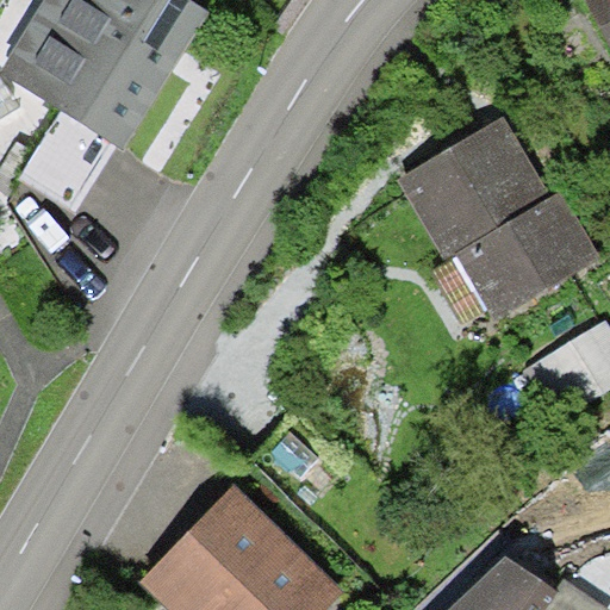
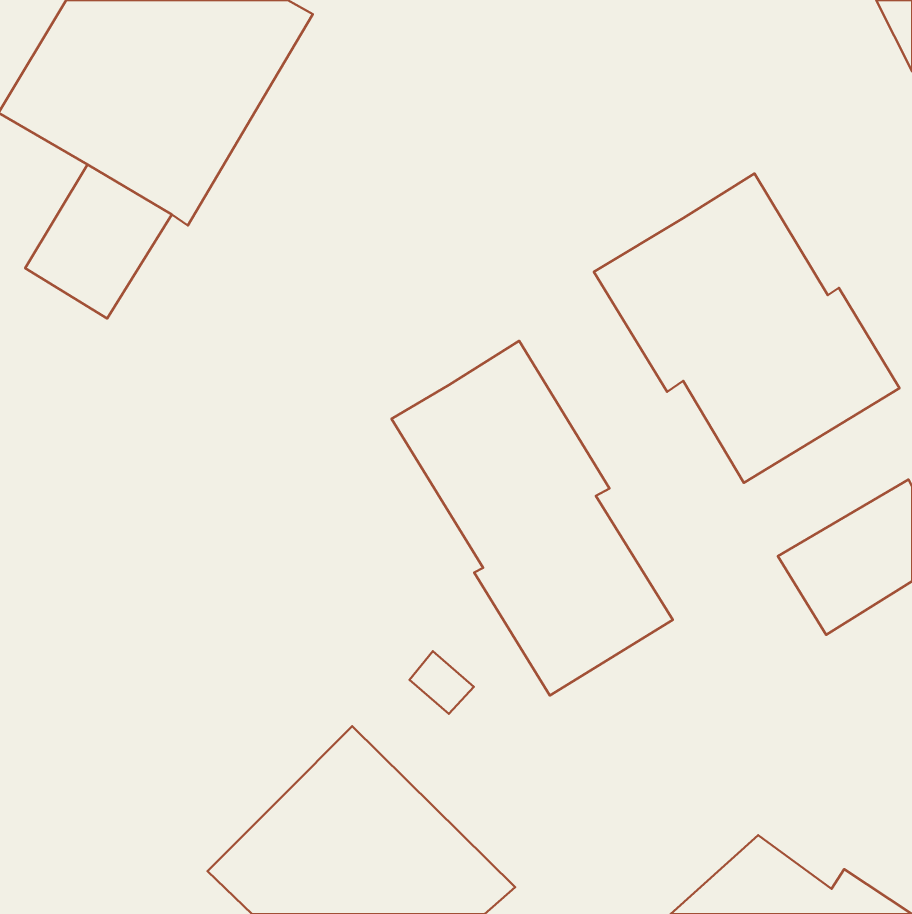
building: none -> [392,341,673,696]

